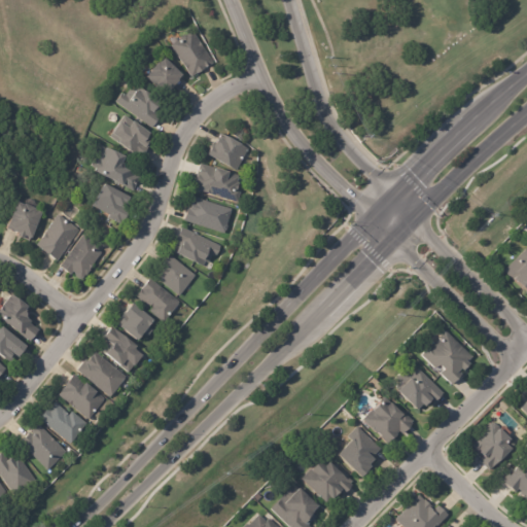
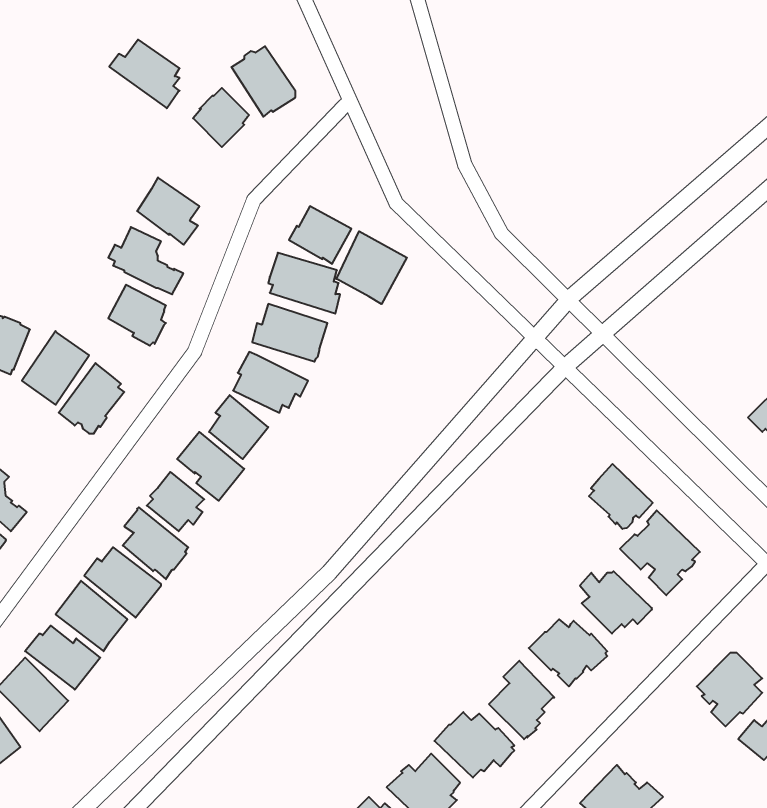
building: [116,83,162,128] -> [109,40,180,108]
building: none -> [336,231,407,304]
building: none -> [589,464,653,529]

